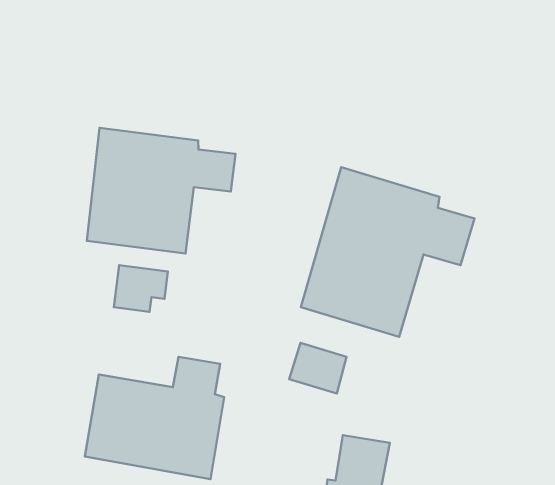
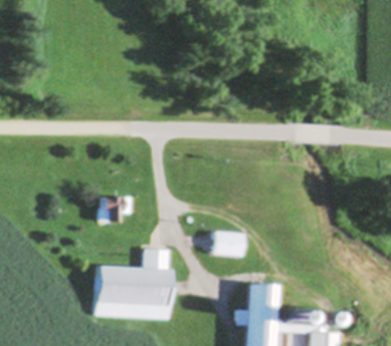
building: [87,128,236,254] -> none
building: [301,167,474,337] -> none

